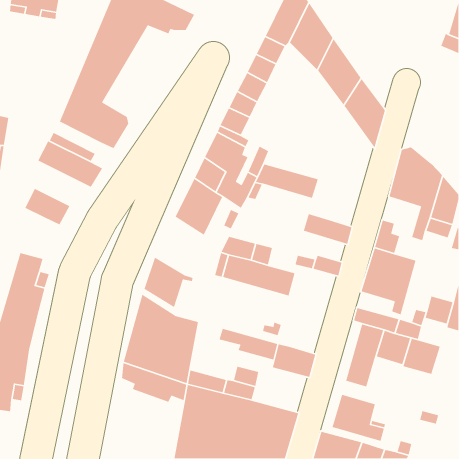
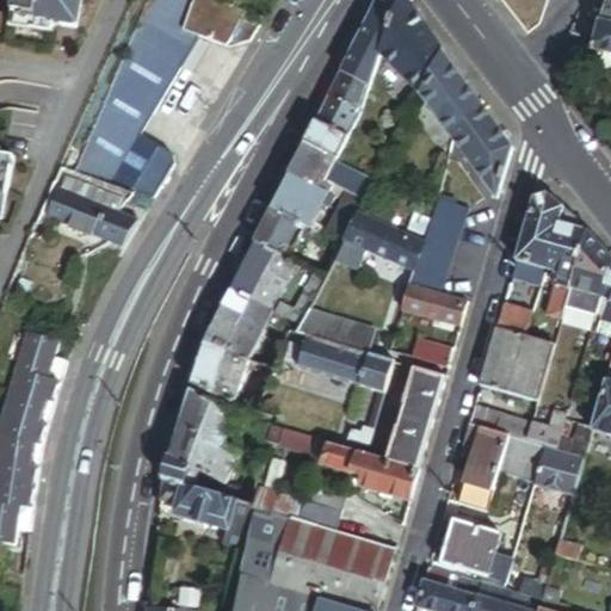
building: none -> [407,196,465,291]
building: [24,188,71,226] -> none
building: none -> [204,286,282,368]
building: none -> [385,366,444,468]

